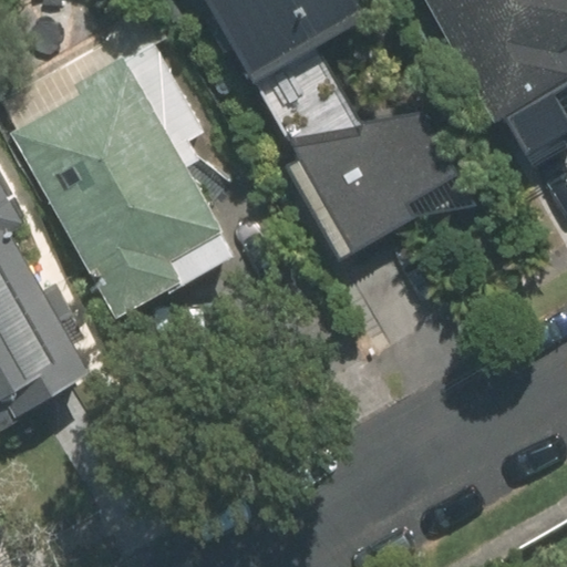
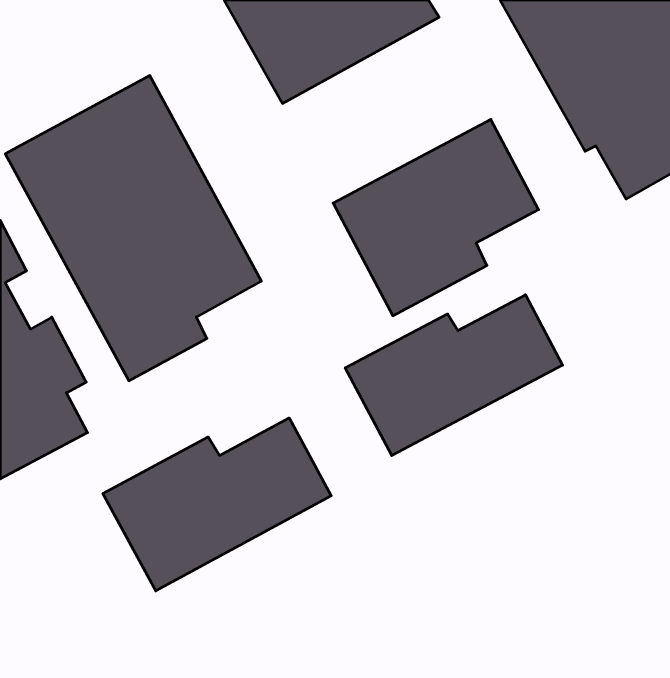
building: none -> [345,295,563,456]
building: none -> [103,418,331,591]

